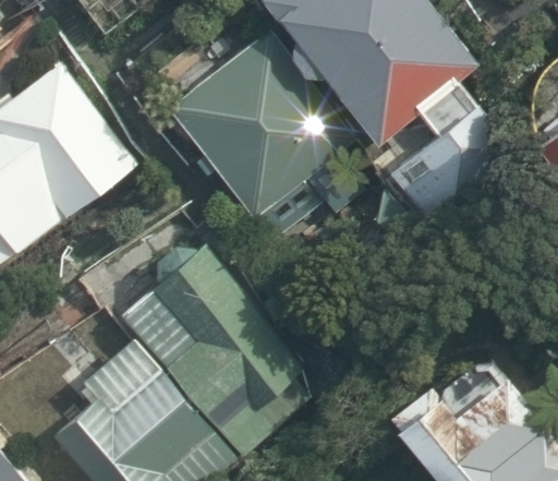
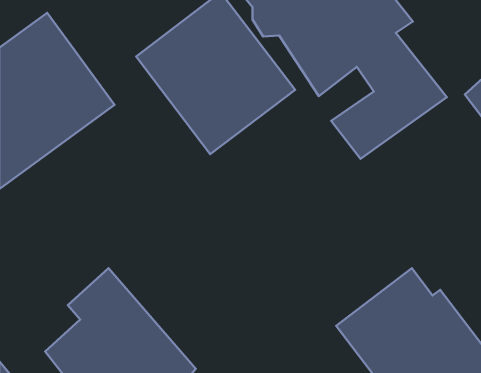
building: [131,253,295,461] -> none

